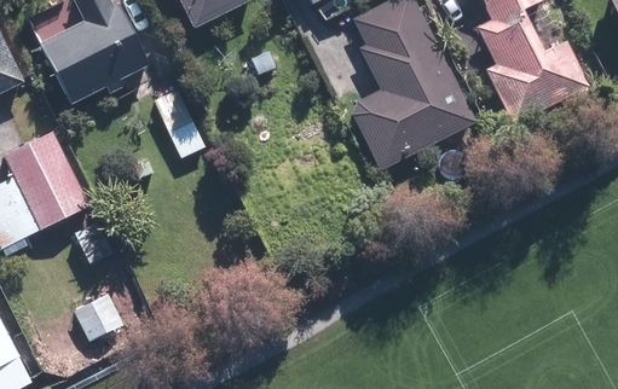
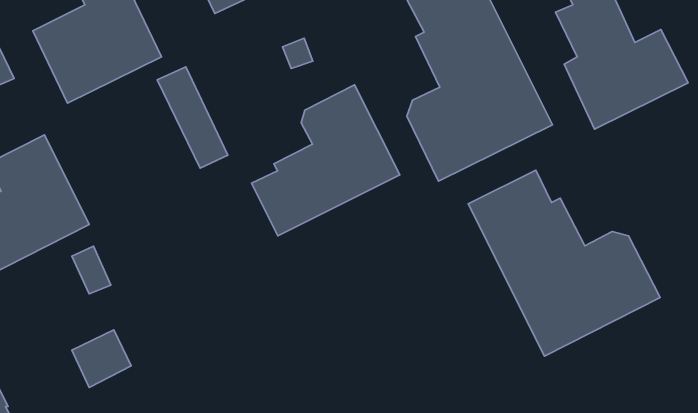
building: none -> [251,85,400,236]
building: none -> [468,170,660,356]

